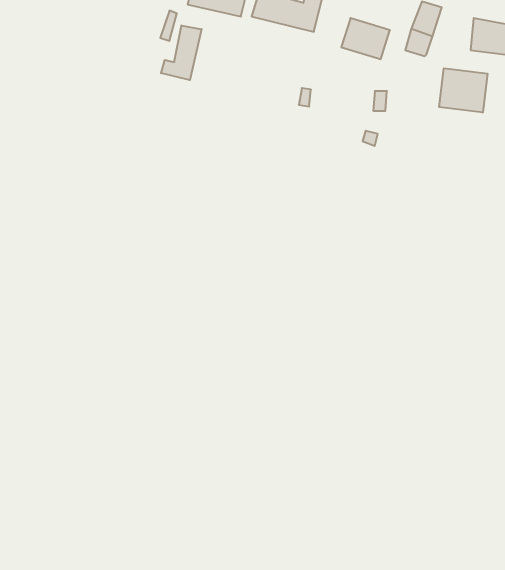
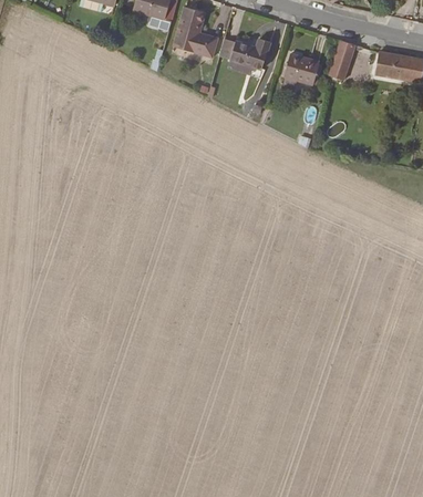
building: [161,25,202,80] -> none
building: [439,68,487,113] -> none

